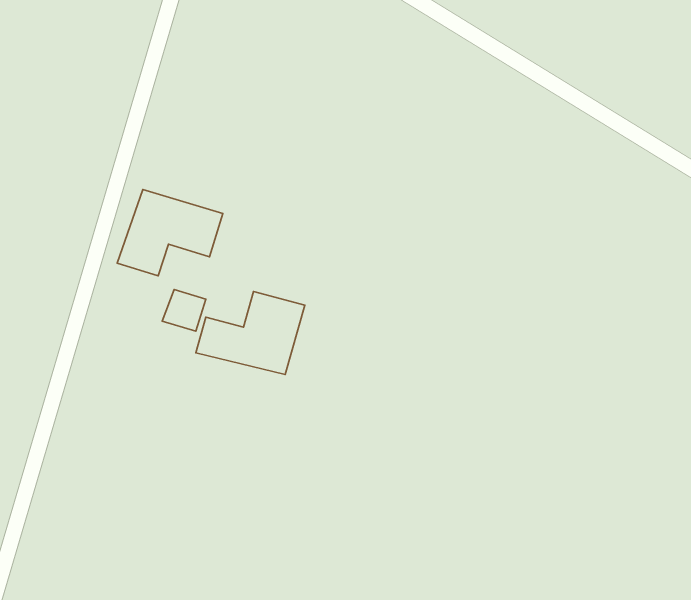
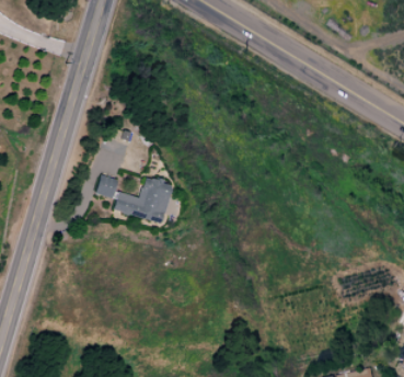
building: [117,189,223,276] -> none

